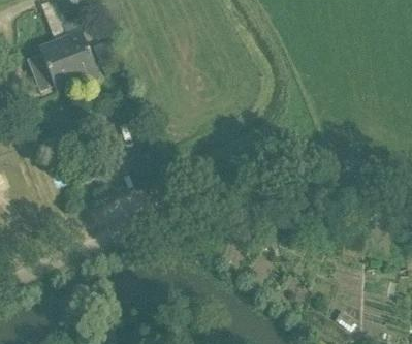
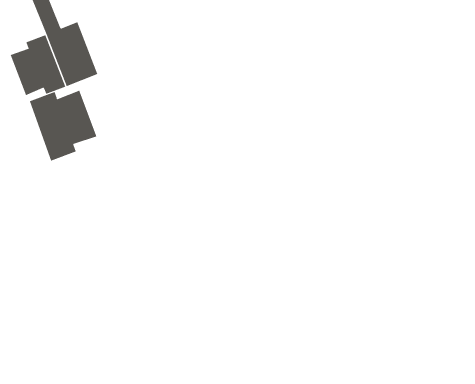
building: none -> [29,90,97,162]

